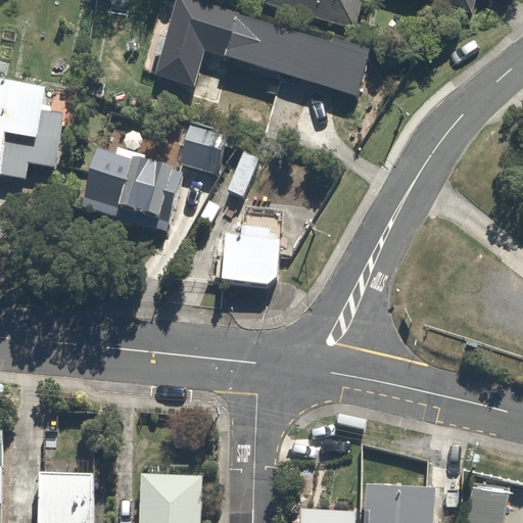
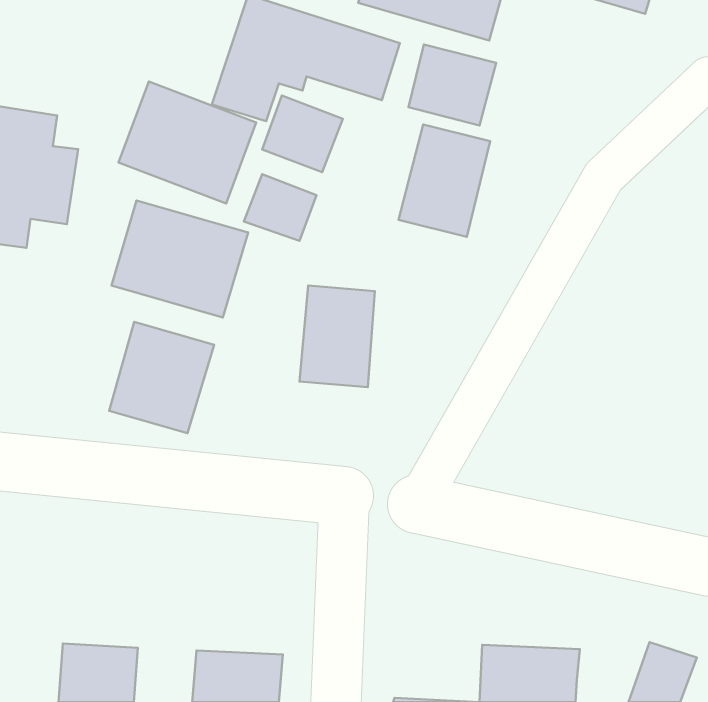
building: none -> [119,82,256,204]
building: none -> [262,95,343,172]
building: none -> [399,125,490,237]
building: none -> [109,322,214,433]

